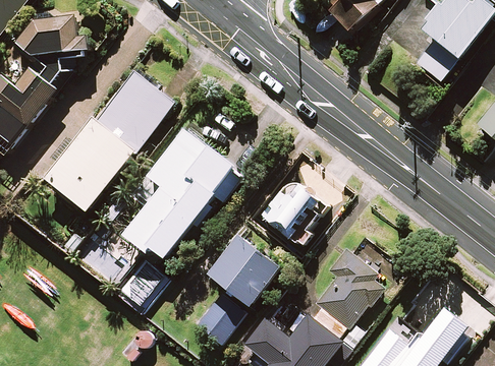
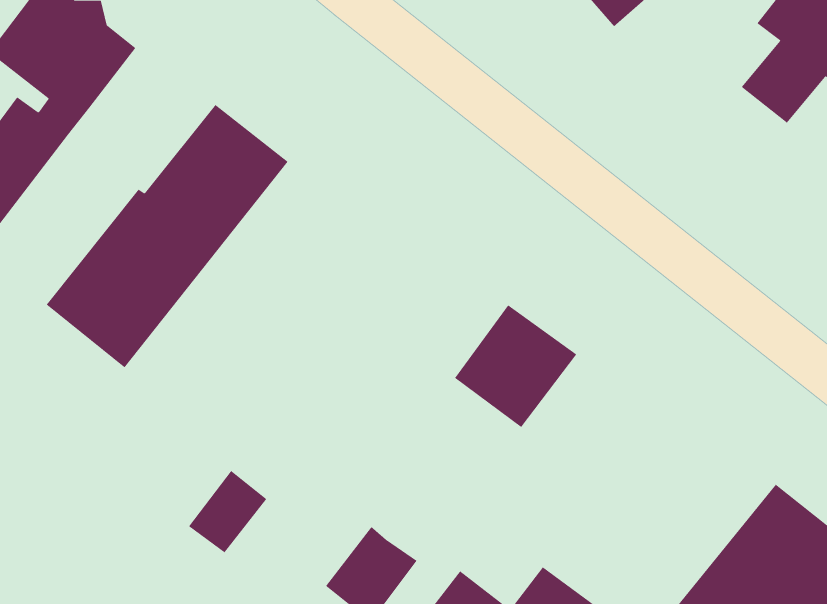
building: [125,130,234,262] -> none
building: [209,233,282,306] -> none
building: [313,248,385,329] -> none

